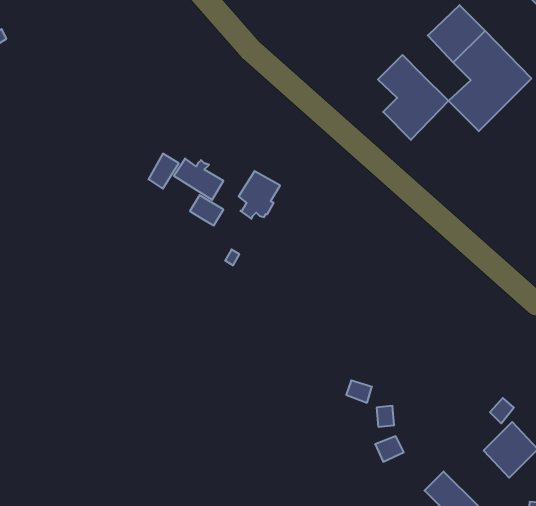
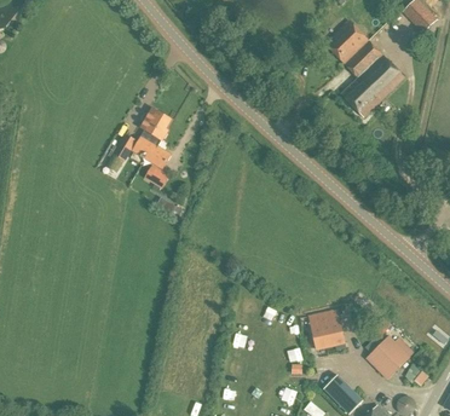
building: [378,55,448,140] -> none
building: [239,171,280,219] -> [140,106,172,143]
building: none -> [308,310,345,348]

